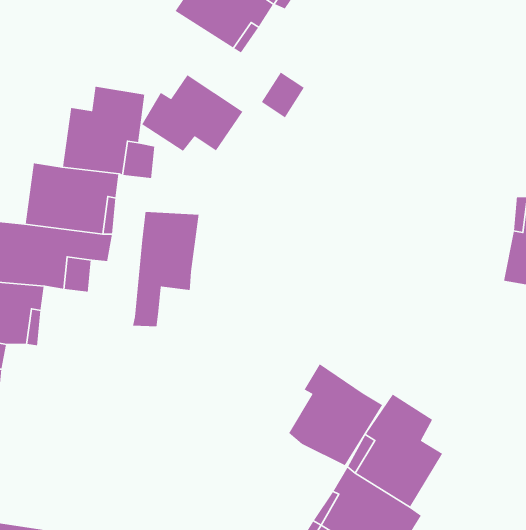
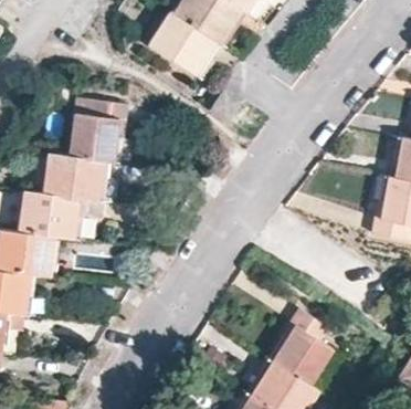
building: [141,74,243,152] -> none
building: [132,211,200,327] -> none
building: [288,363,383,466] -> none

